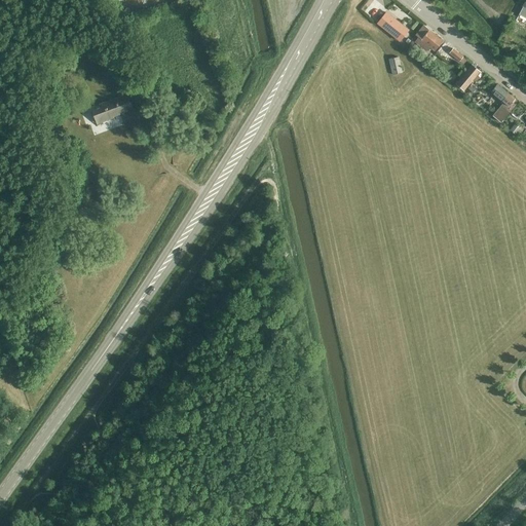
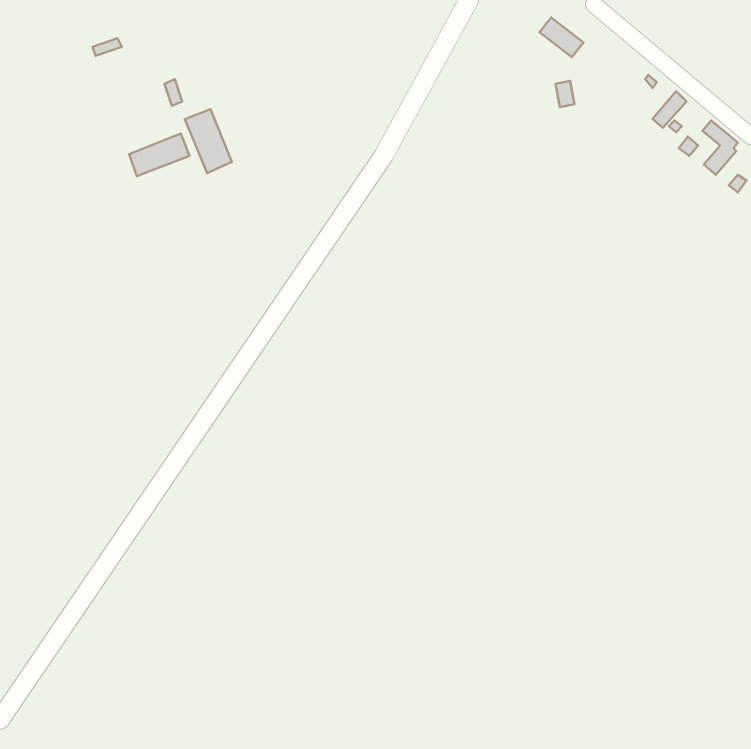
building: [414,26,443,52] -> none
building: none -> [185,109,232,173]

